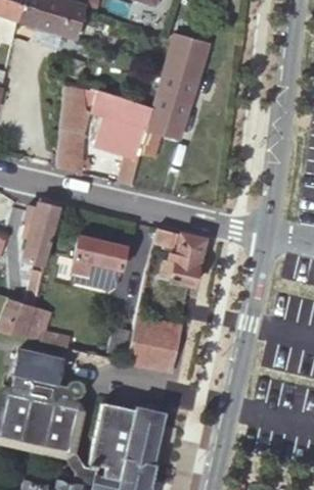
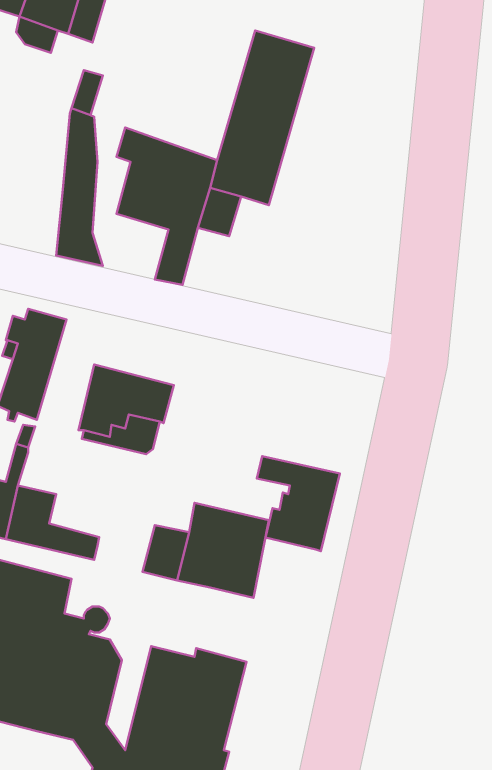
building: [155,227,205,283] -> [257,456,340,551]

